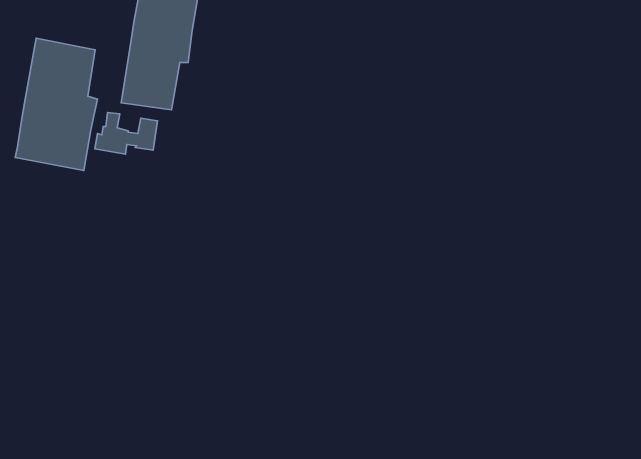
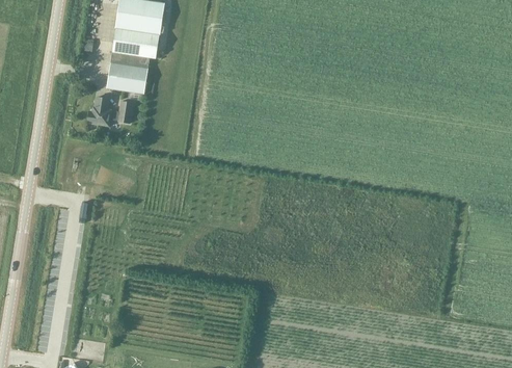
building: [15,38,97,171] -> none

